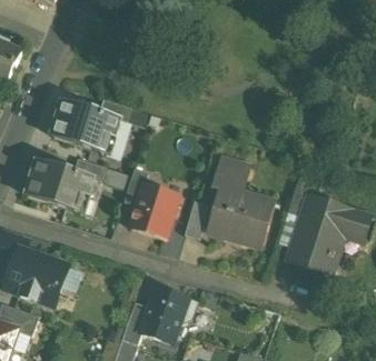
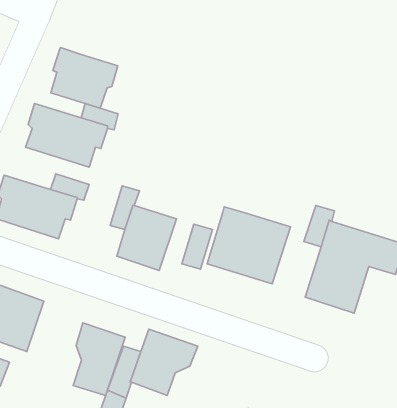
building: none -> [51,48,118,108]
building: [211,158,244,190] -> none
building: none -> [73,323,125,396]

